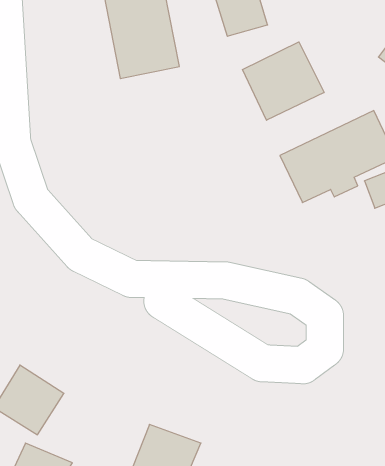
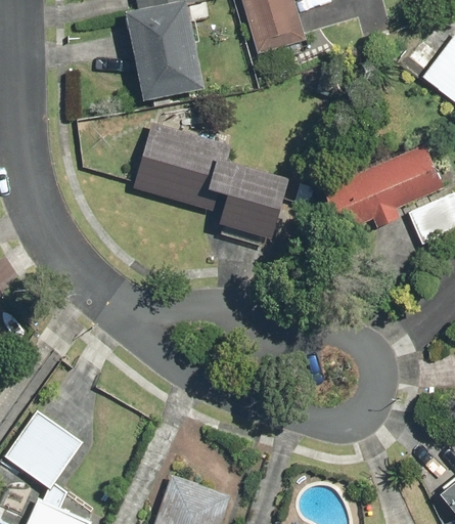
building: [243,42,324,120] -> none
building: none -> [132,122,293,237]

